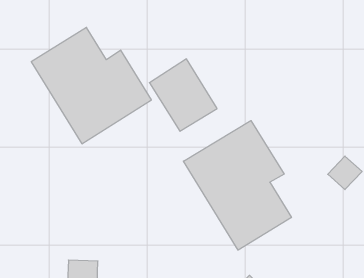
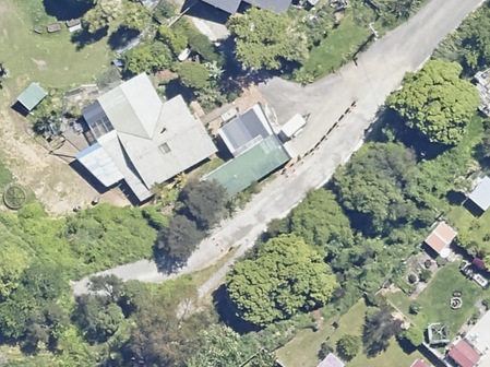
building: [183,121,291,250] -> none

